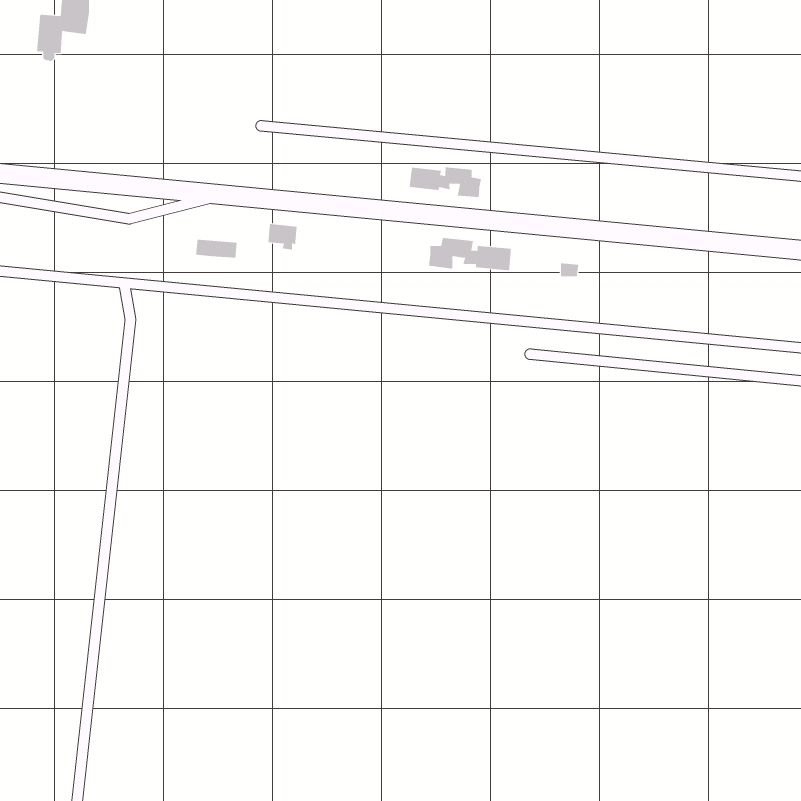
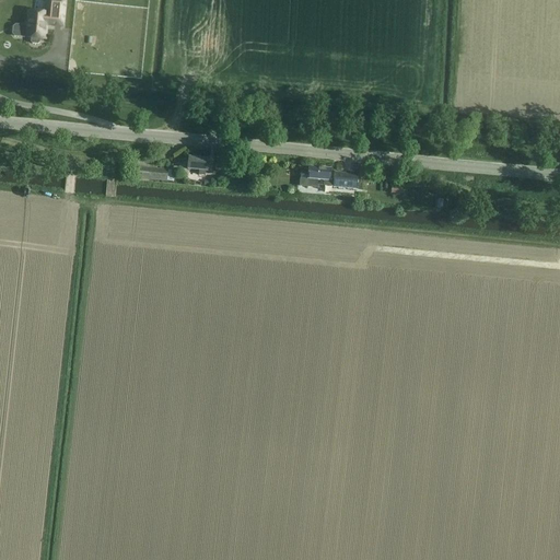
building: [409,166,481,198] -> none

